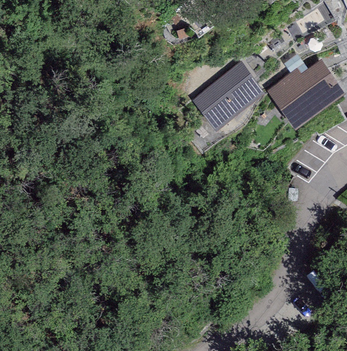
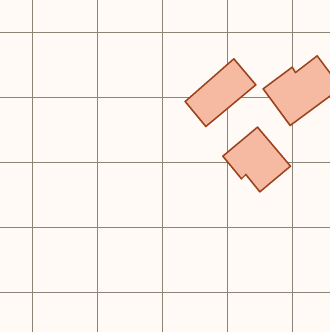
building: none -> [223,127,290,192]

